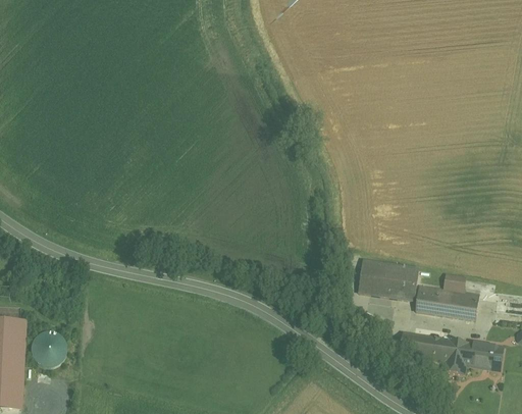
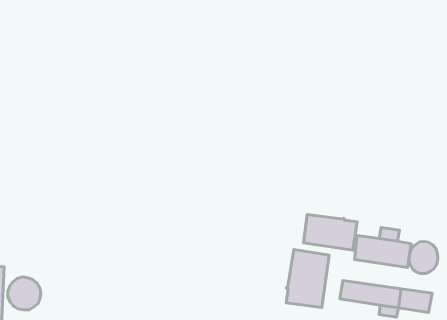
building: none -> [409,241,438,274]
building: none -> [286,249,329,308]

